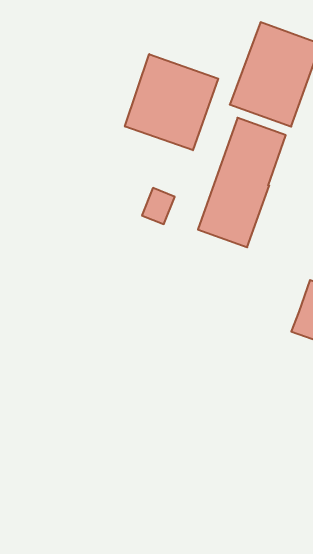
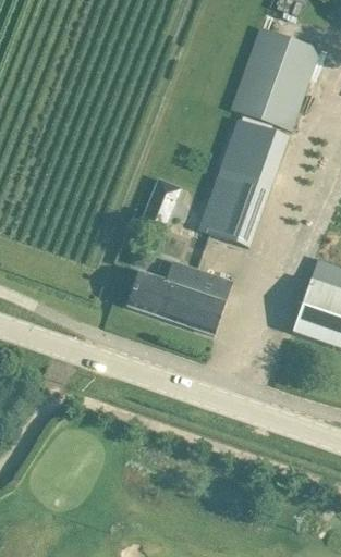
building: [125,54,218,150] -> none
building: none -> [126,262,231,334]

